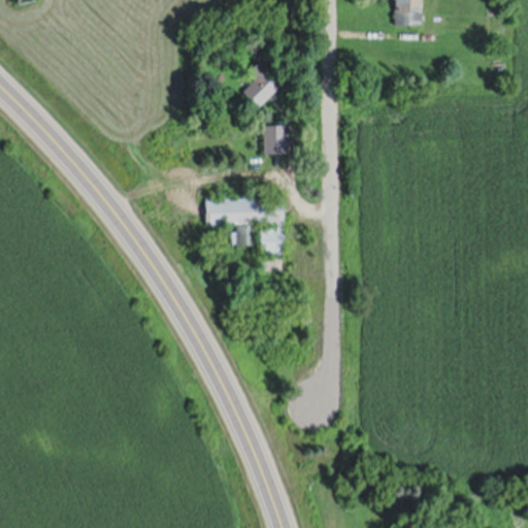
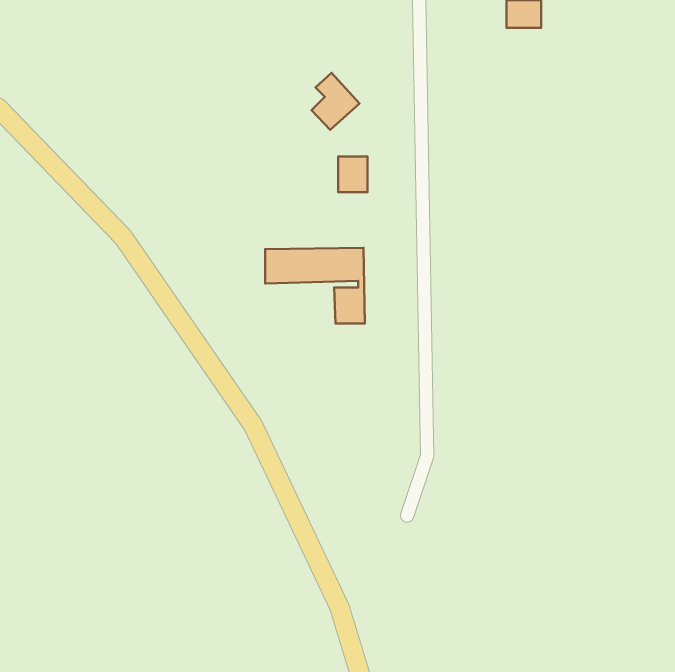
building: [230,226,255,244] -> none

